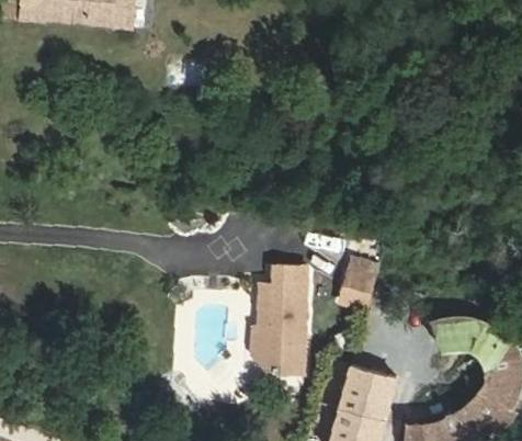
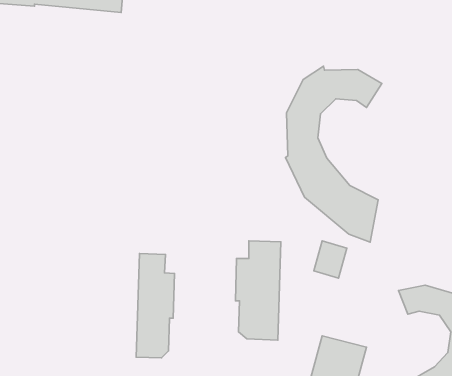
building: none -> [285,66,382,242]
building: none -> [136,254,175,358]

